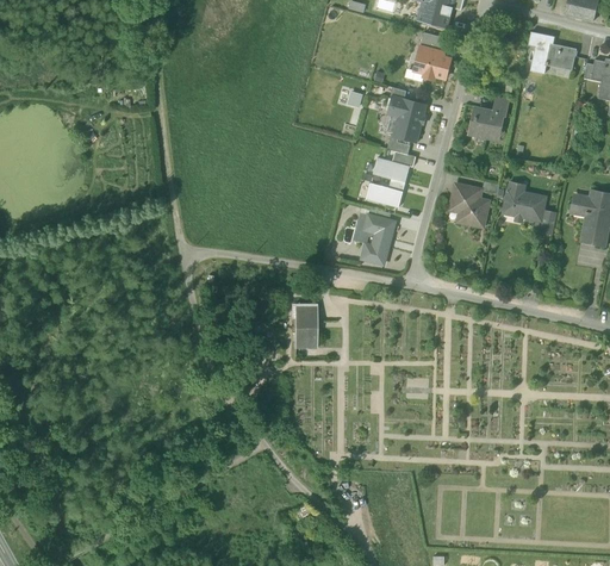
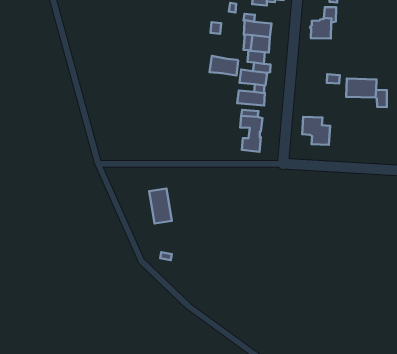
building: none -> [210,56,238,75]
building: [452,186,488,226] -> [302,117,330,145]
building: [294,304,317,346] -> [149,188,172,224]

